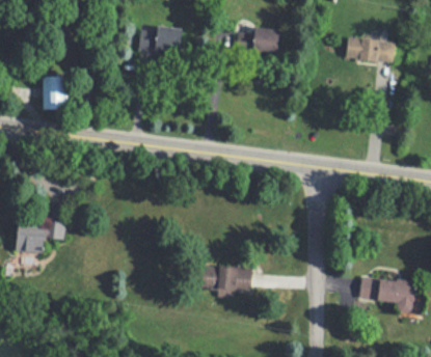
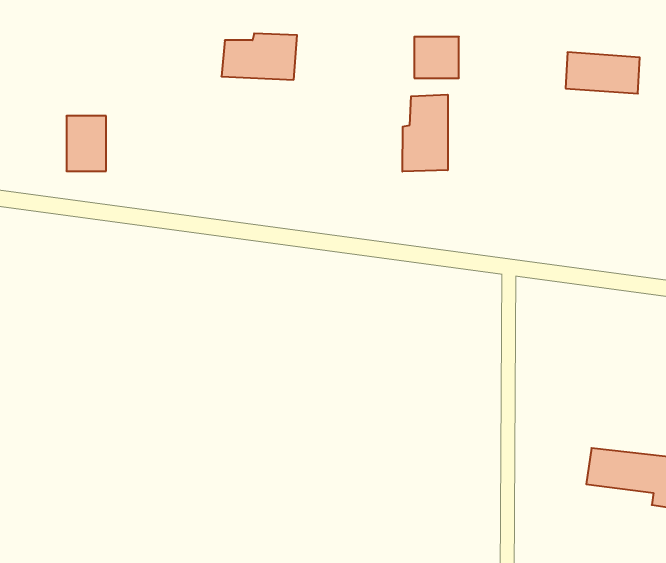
building: none -> [402,95,448,172]
building: [17,219,64,254] -> none
building: [201,267,251,296] -> none

